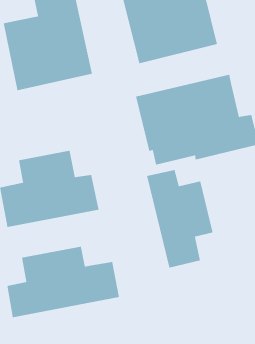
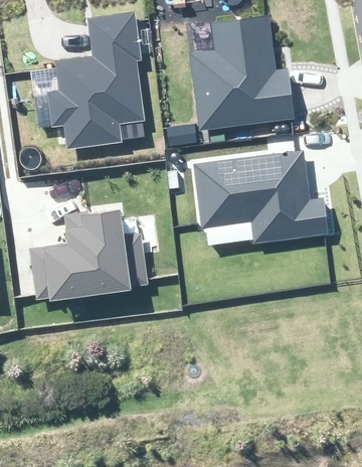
building: [146,169,213,269] -> none
building: [7,246,120,318] -> none

